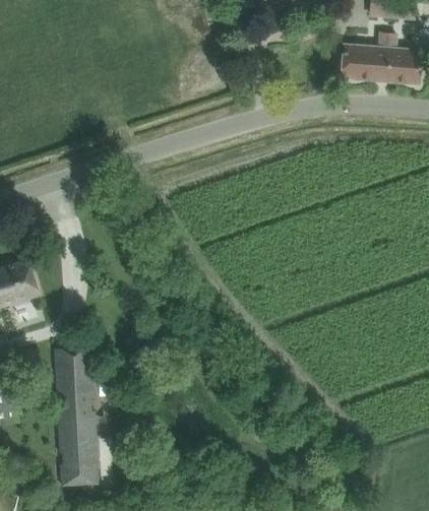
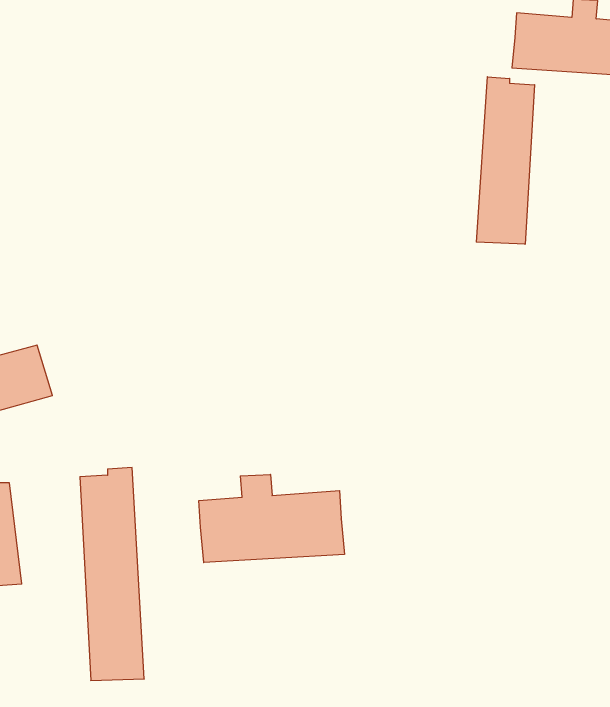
building: none -> [476,77,535,244]
building: none -> [199,474,344,563]

